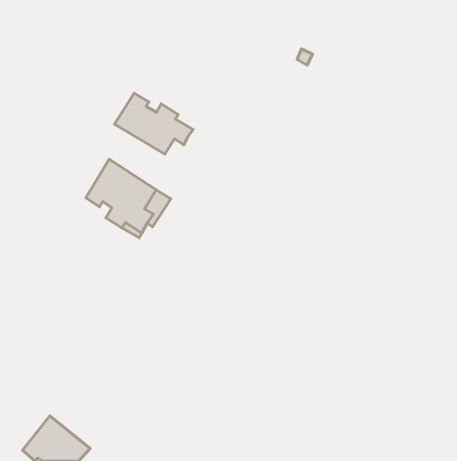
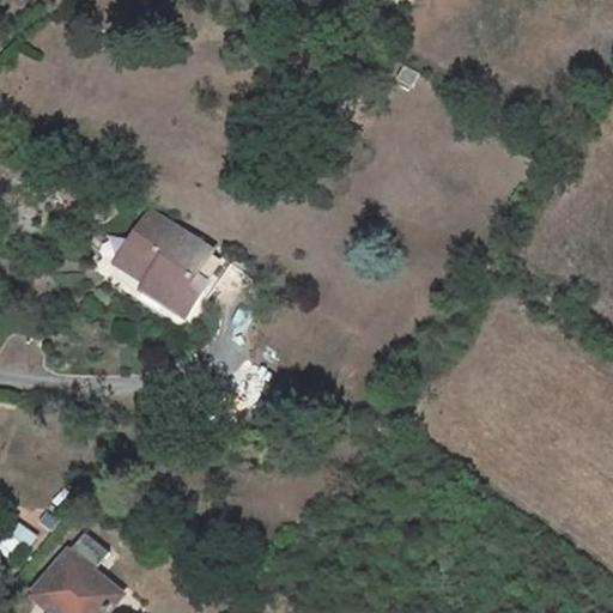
building: [114,93,193,154] -> none

